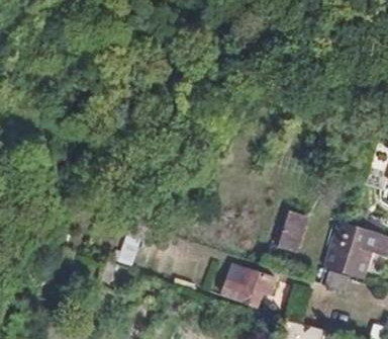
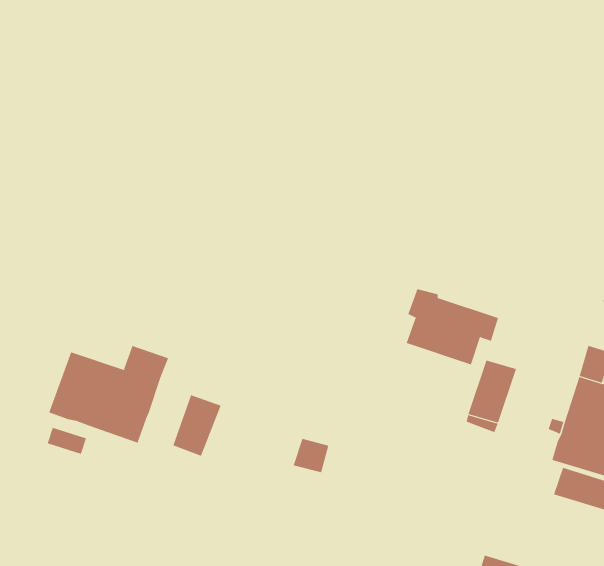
building: none -> [49,345,169,443]
building: [218,263,270,306] -> [406,289,499,365]

